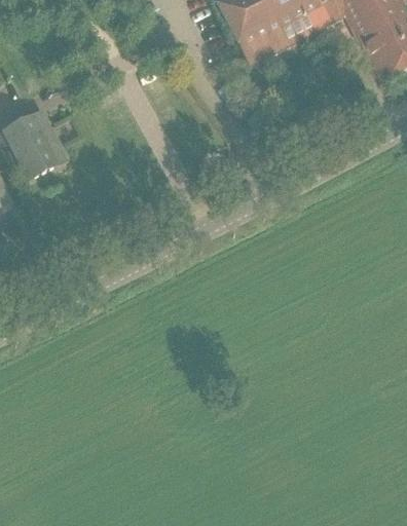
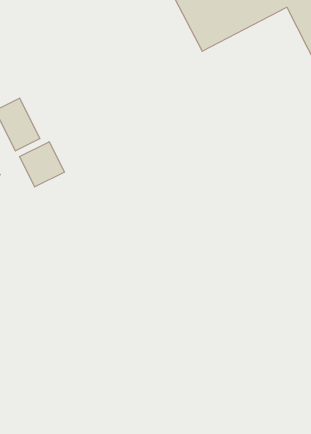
building: none -> [20,142,64,187]

